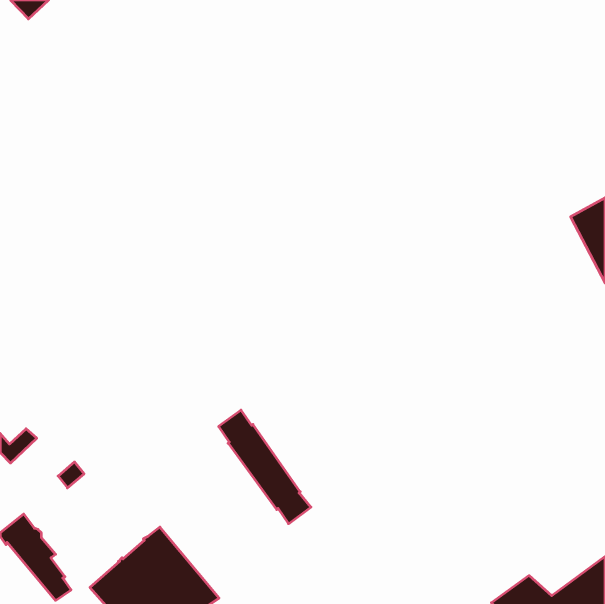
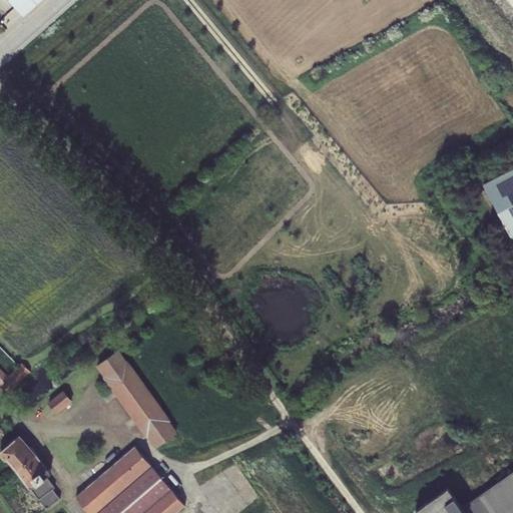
building: [219,410,311,524] -> [98,352,176,448]

